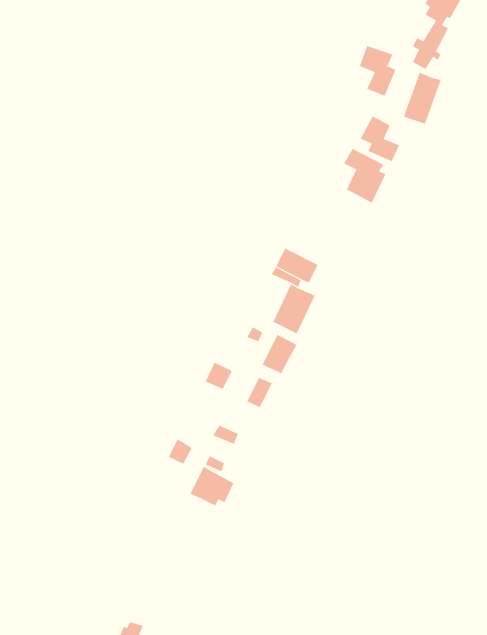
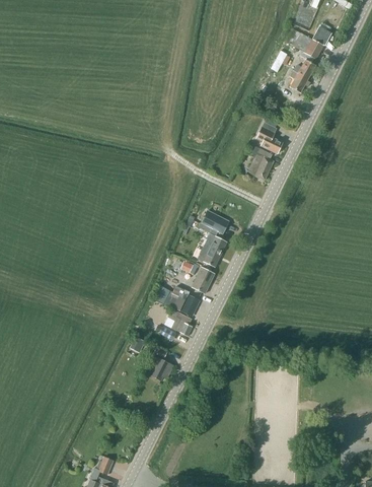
building: [359,45,396,96] -> none
building: [403,72,442,124] -> none
building: none -> [168,309,193,336]

